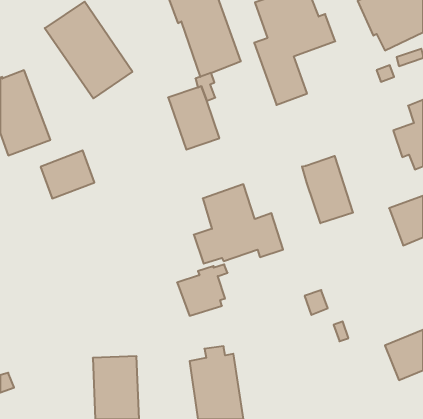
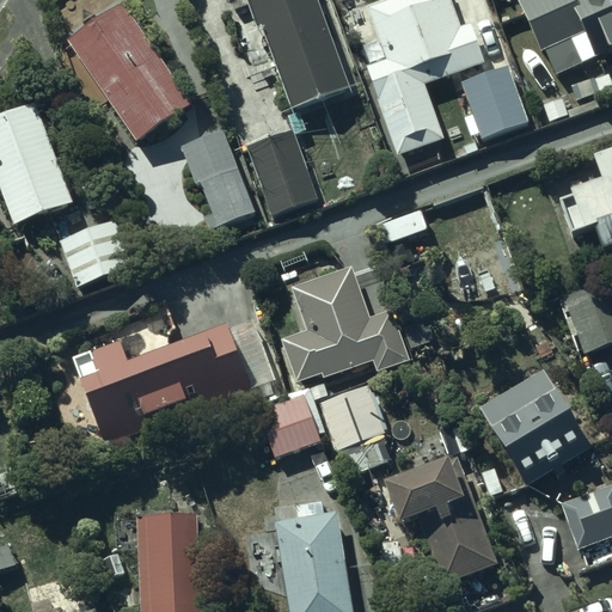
building: none -> [464,63,530,136]
building: none -> [179,131,256,232]
building: [302,156,353,223] -> none
building: none -> [71,319,276,446]
building: none -> [483,373,588,482]
building: none -> [318,384,384,451]
building: none -> [382,458,496,585]

